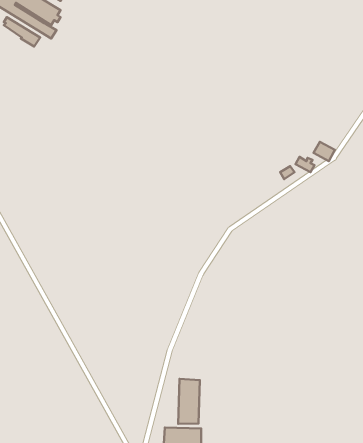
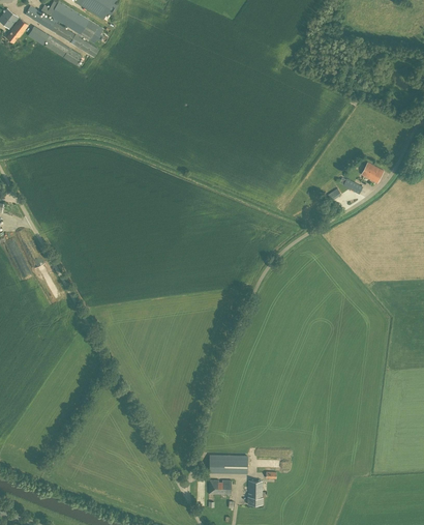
building: [178,379,200,424] -> none

